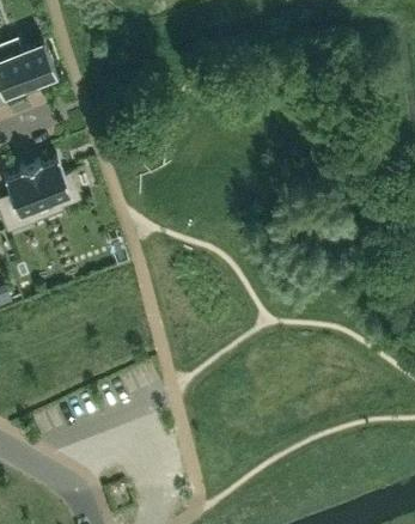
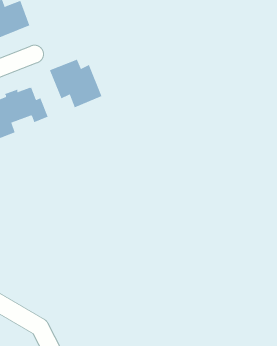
building: none -> [49,59,102,108]

